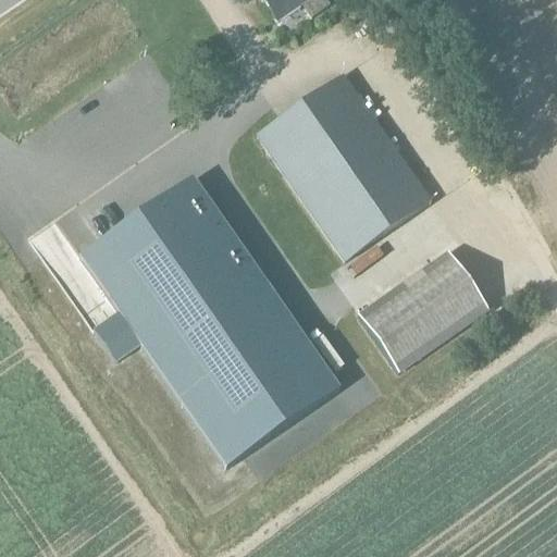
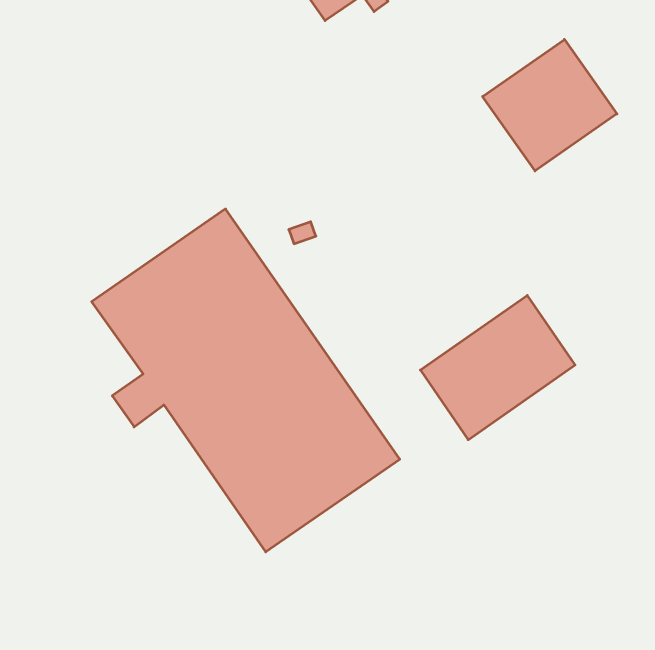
building: none -> [483,39,617,171]
building: [257,72,431,259] -> none

